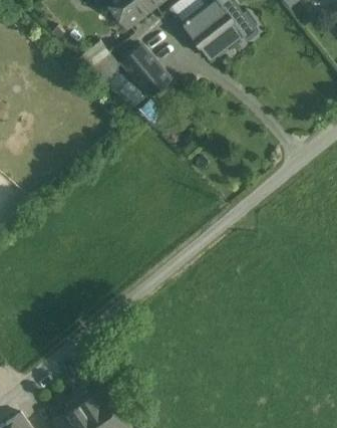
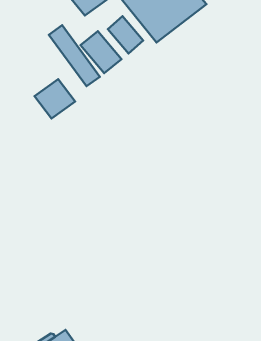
building: none -> [108,16,143,54]
building: none -> [35,79,75,119]

